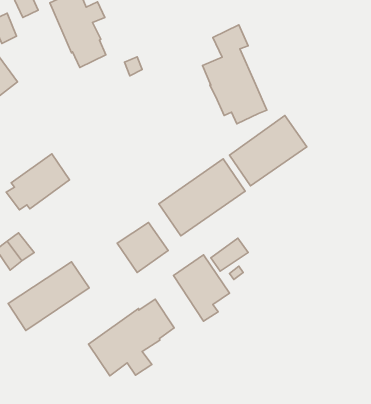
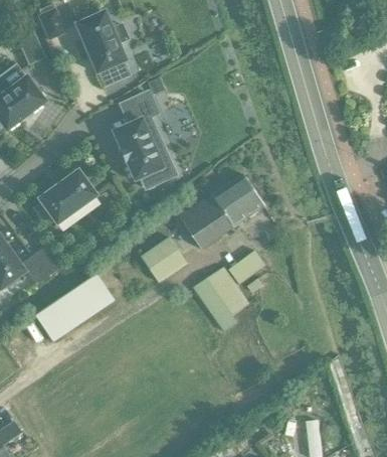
building: [202,25,267,124] -> [113,92,175,187]
building: [230,115,307,186] -> none
building: [88,299,174,376] -> none

